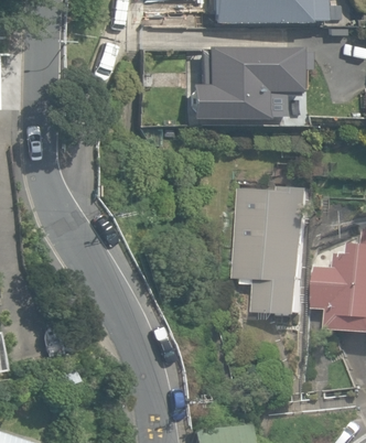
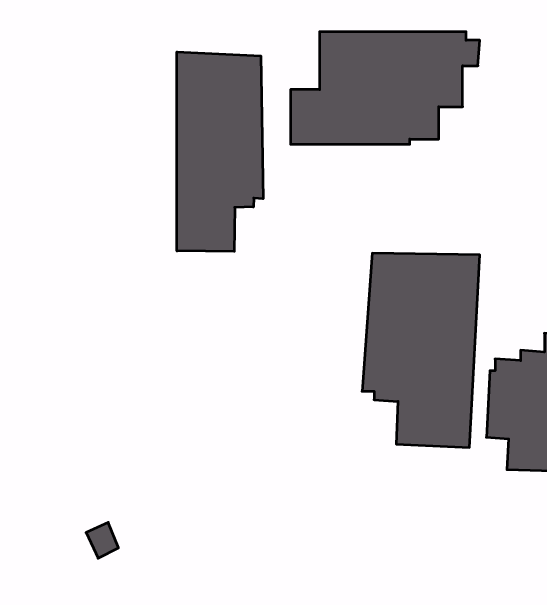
building: none -> [177,52,263,251]

